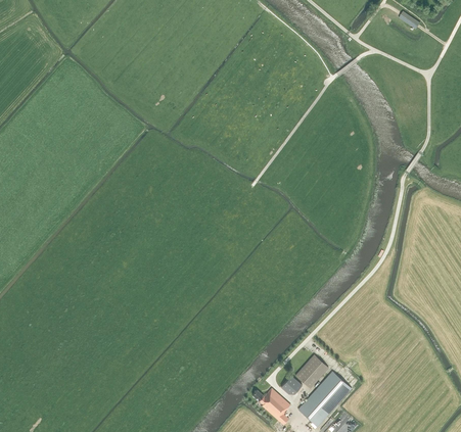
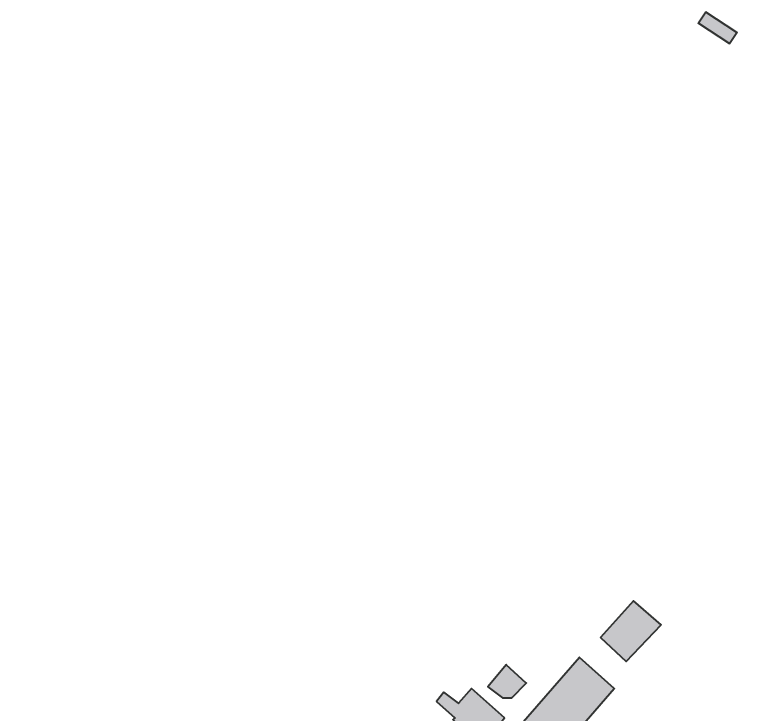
building: [295,354,329,388] -> [601,601,661,661]

